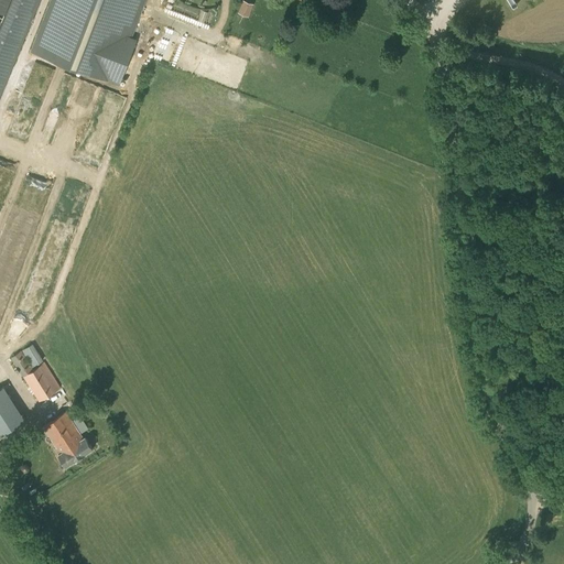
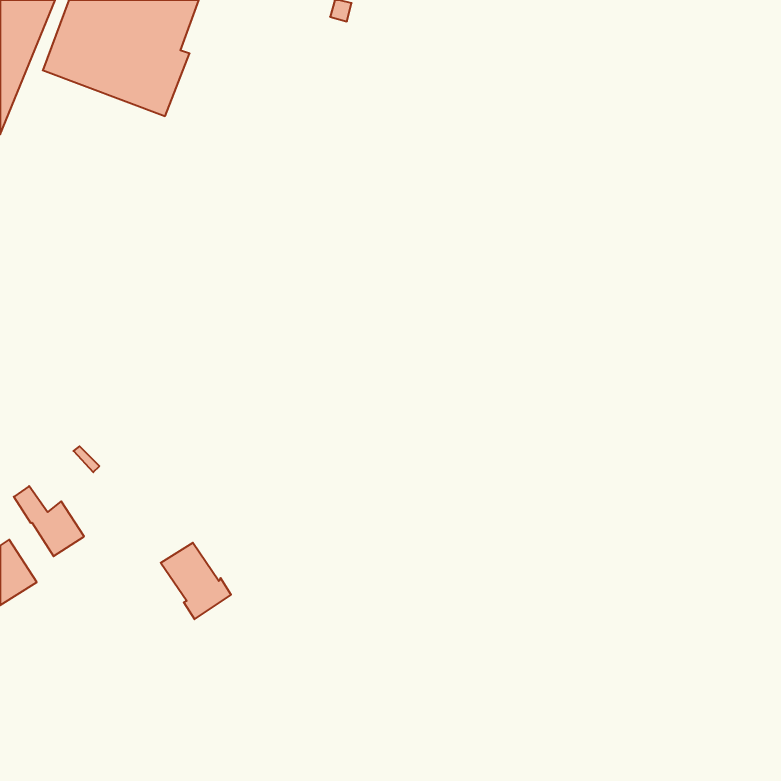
building: [42,411,93,466] -> [161,543,231,619]

